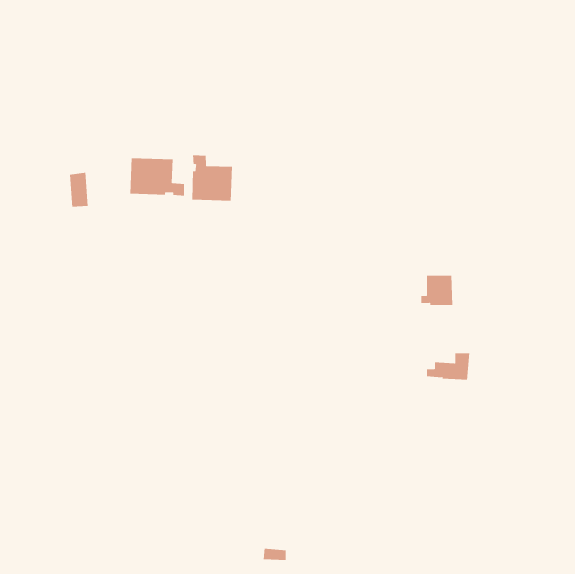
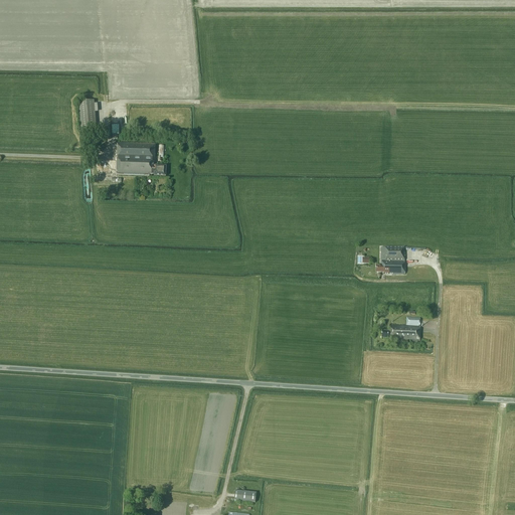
building: [192,154,233,201] -> none
building: [69,172,88,207] -> [78,99,96,130]

